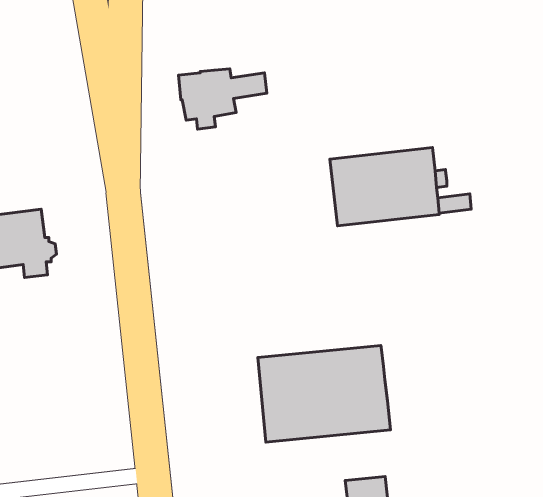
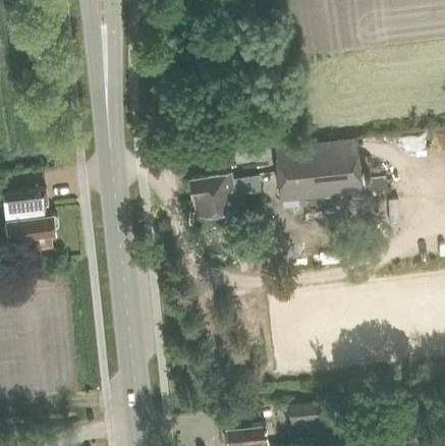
building: [178,69,267,129] -> [189,175,260,223]
building: [258,346,390,442] -> none

